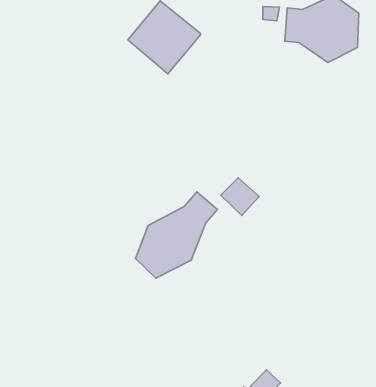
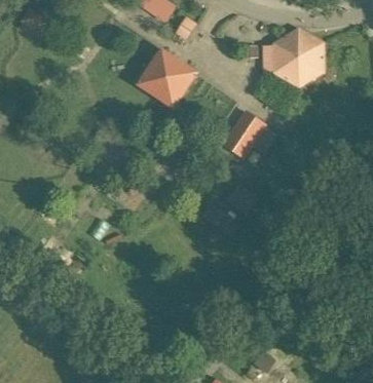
building: none -> [223,111,273,157]
building: [136,192,217,278] -> none

